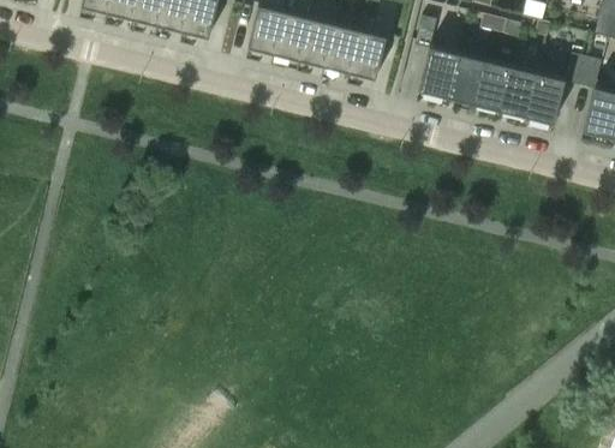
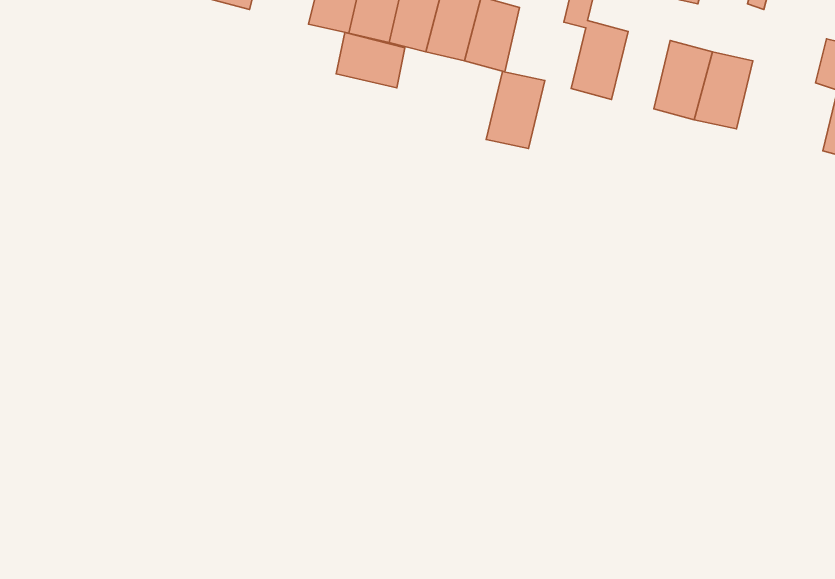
building: [446,52,484,102] -> [486,71,545,149]
building: none -> [336,32,405,88]
building: [527,53,586,123] -> none

